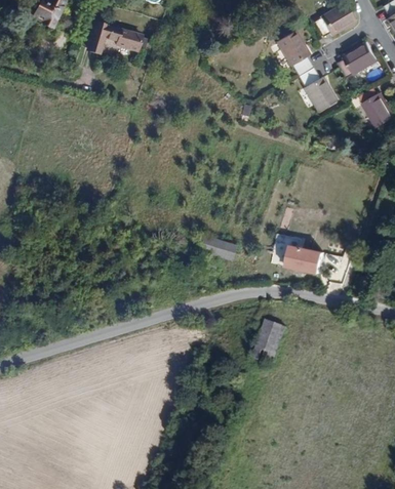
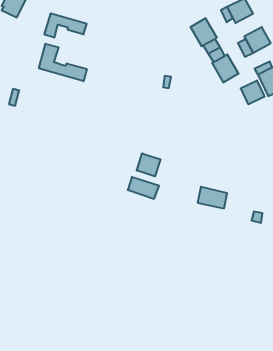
building: none -> [39,44,87,81]
building: none -> [241,80,265,104]
building: none -> [137,153,160,176]
building: [256,322,284,353] -> none

